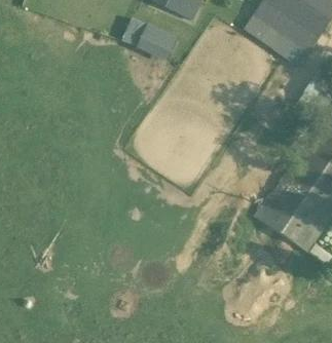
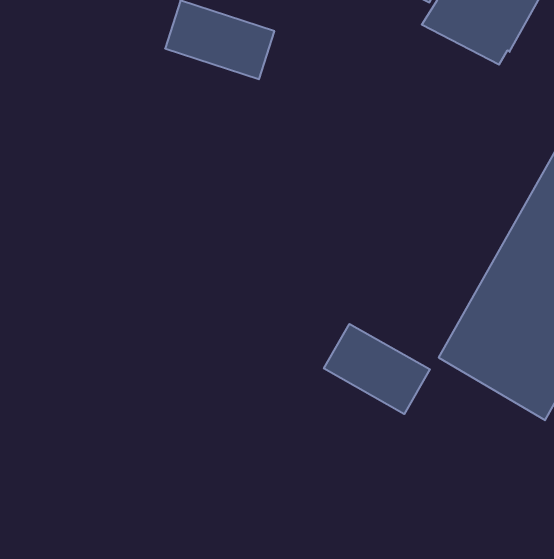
building: none -> [324,324,430,414]

